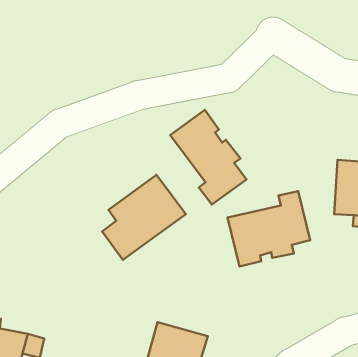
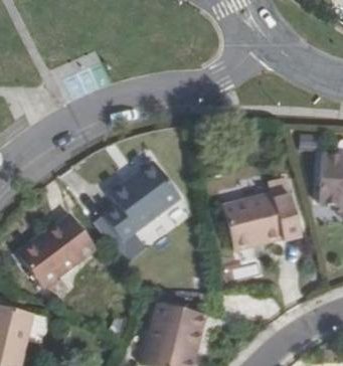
building: [170,110,246,205] -> none
building: none -> [17,212,94,286]

